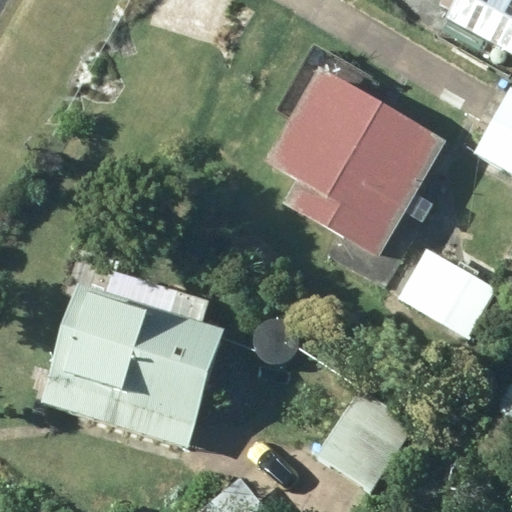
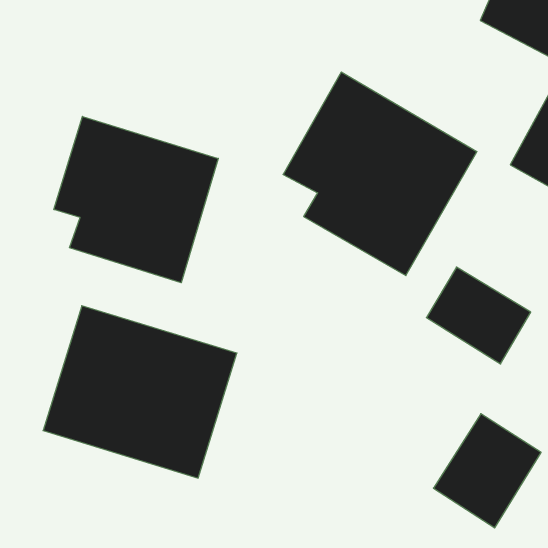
building: none -> [54,116,218,283]
building: [316,387,416,493] -> [433,414,541,528]

